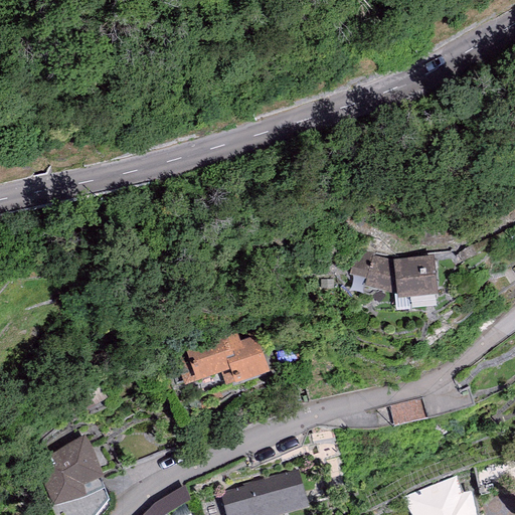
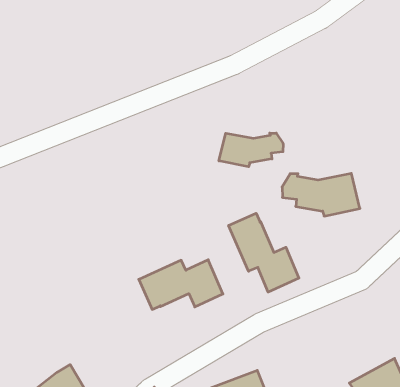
building: none -> [219,133,283,167]
building: none -> [229,213,299,292]

